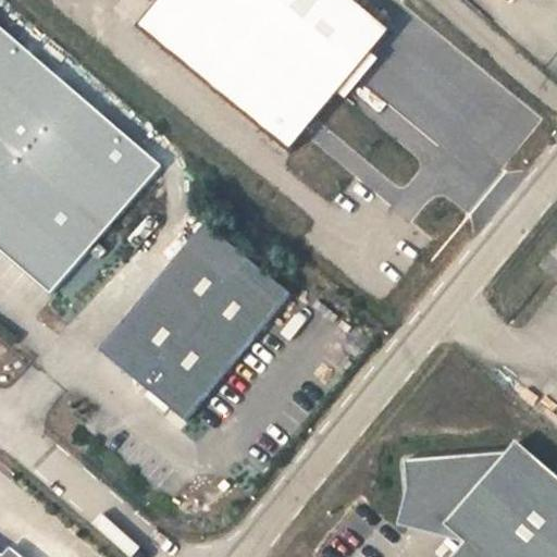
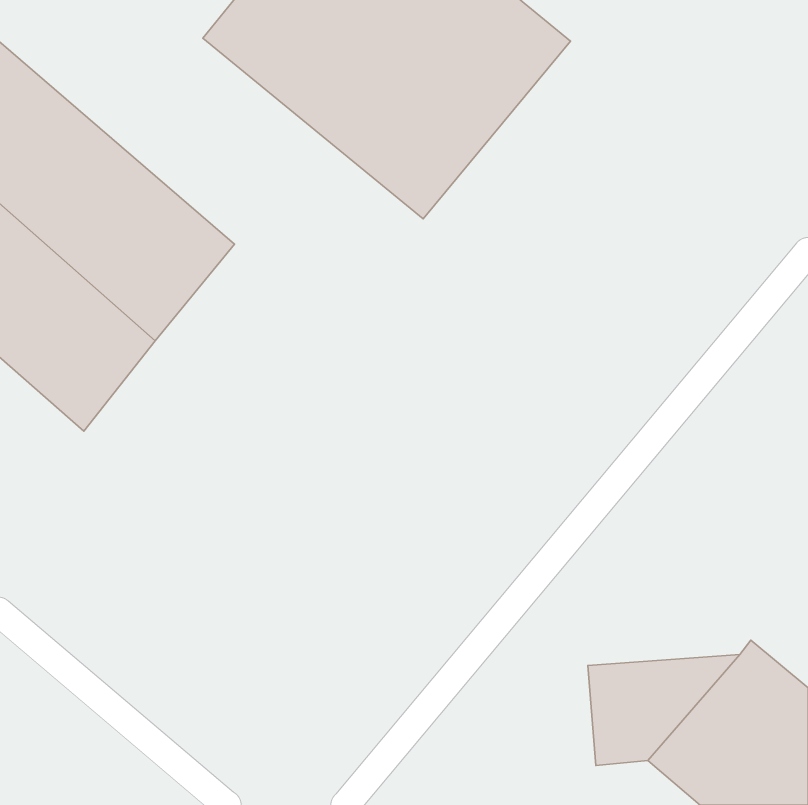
building: [99,221,290,419] -> none

